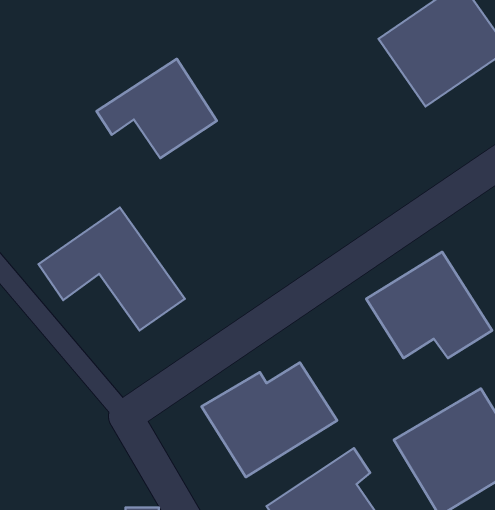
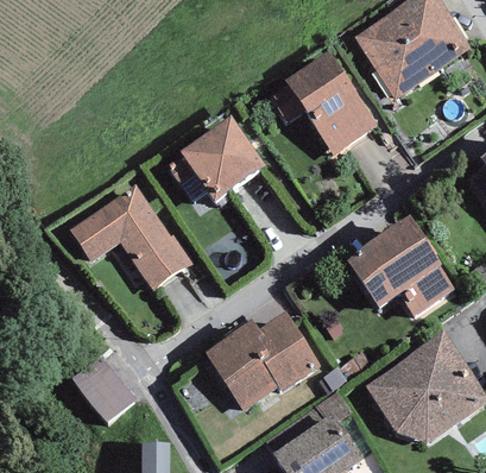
building: none -> [269,50,379,156]
building: [97,59,217,158] -> [160,116,264,202]
building: none -> [72,353,138,422]

